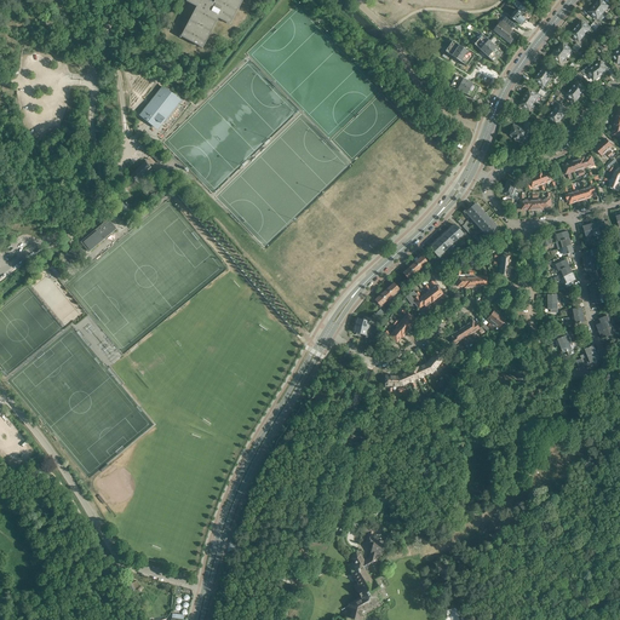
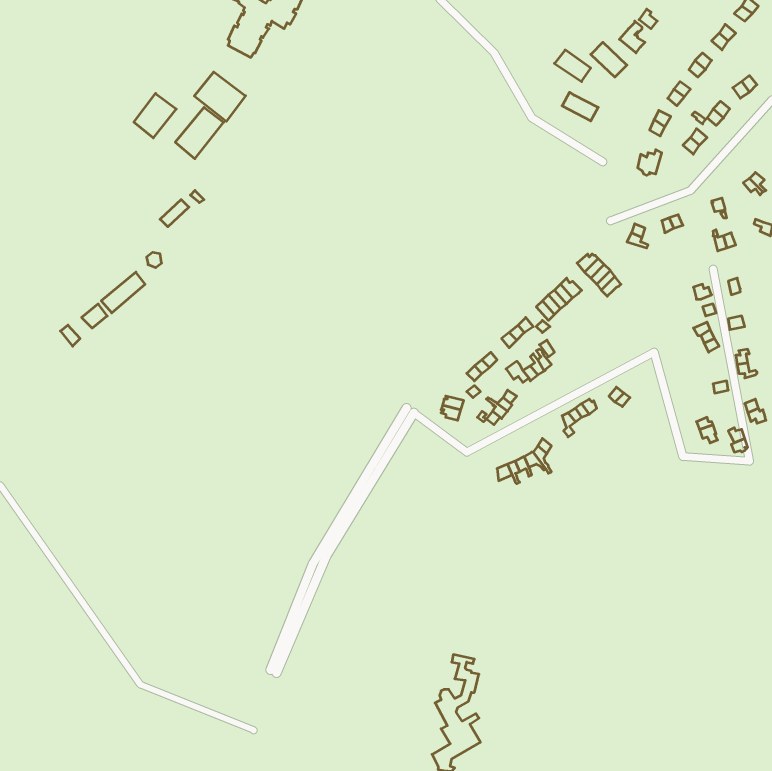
building: none -> [194,72,246,121]
building: none -> [134,93,176,138]

